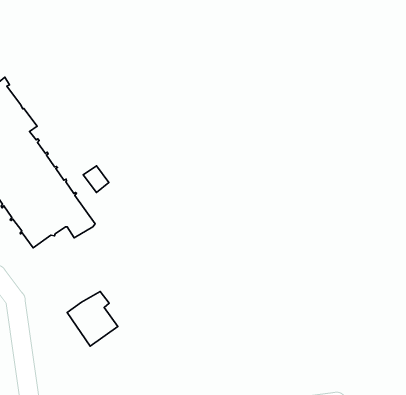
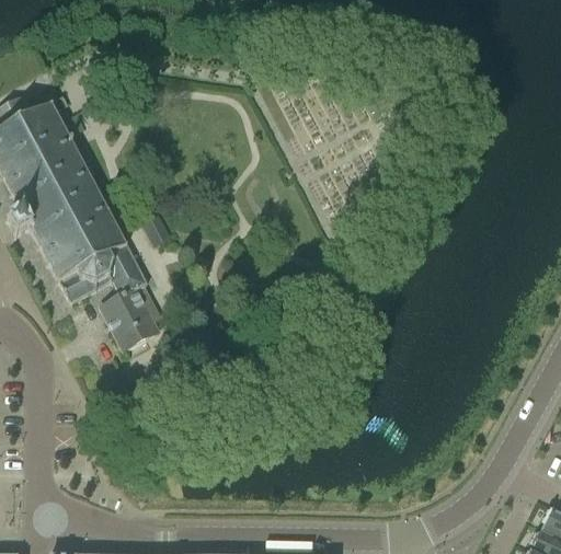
building: [67,291,118,346] -> [101,288,159,351]

